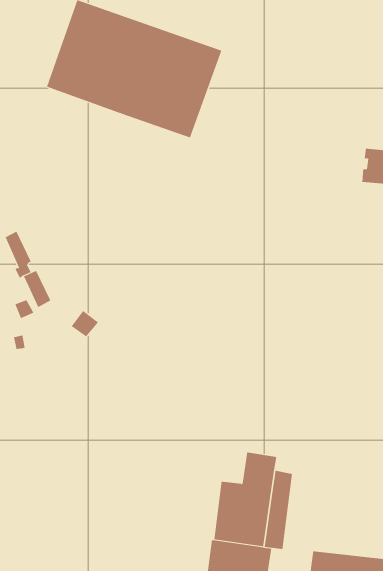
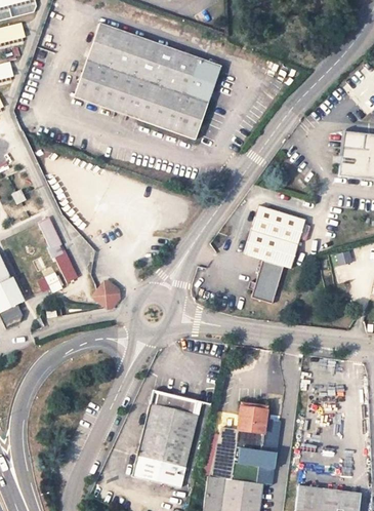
building: none -> [243,205,305,303]
building: none -> [133,392,198,486]

